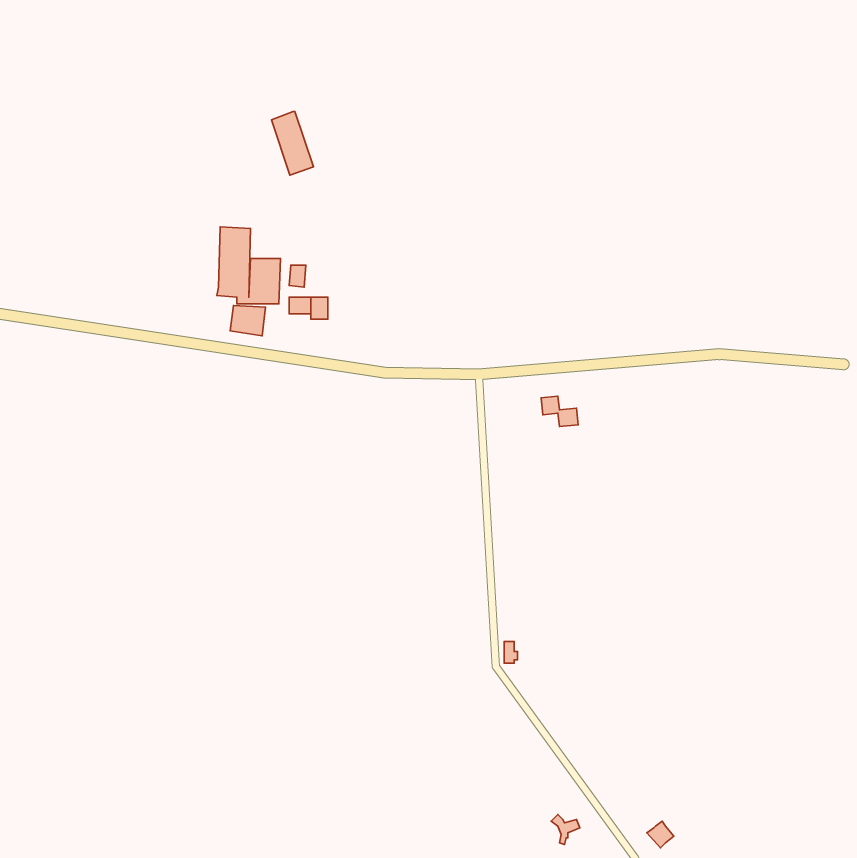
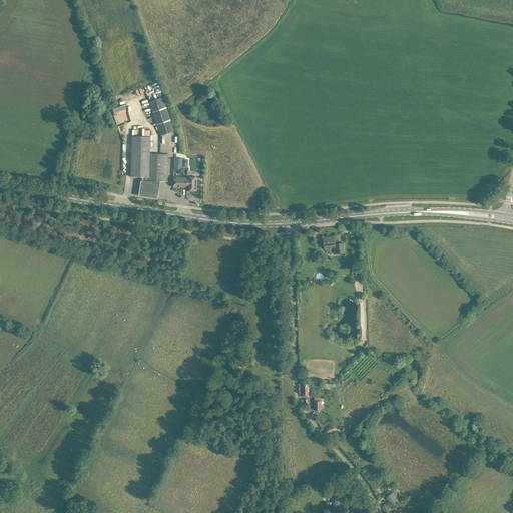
building: [271,111,313,175] -> [148,97,173,135]

